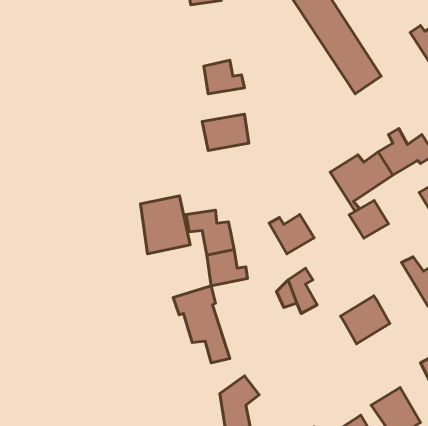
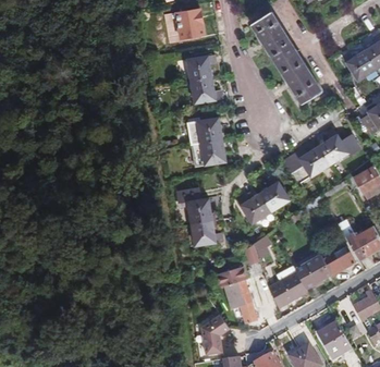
building: none -> [185,54,213,82]
building: none -> [193,139,226,166]
building: [141,196,190,254] -> none
building: [349,200,389,238] -> [261,182,291,210]
building: none -> [319,245,353,277]
building: [173,286,230,363] -> [216,265,258,322]
building: none -> [270,272,304,305]

